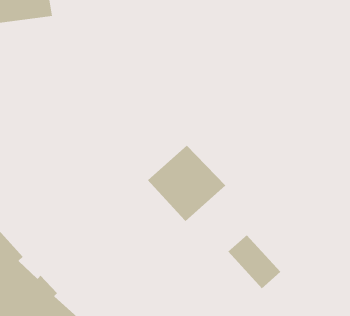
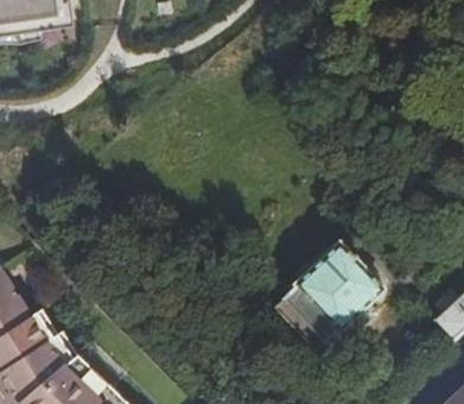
building: [147,145,226,222] -> [291,242,383,333]

